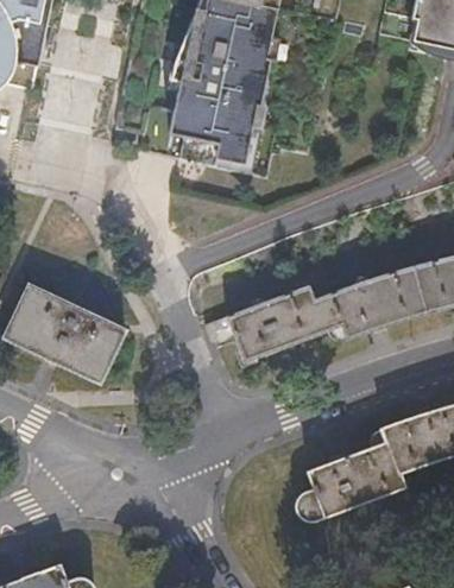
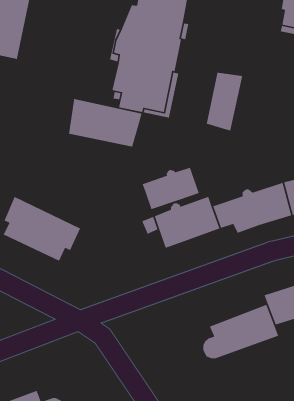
building: none -> [206,72,243,131]
building: none -> [68,98,143,148]
building: none -> [141,167,200,210]

